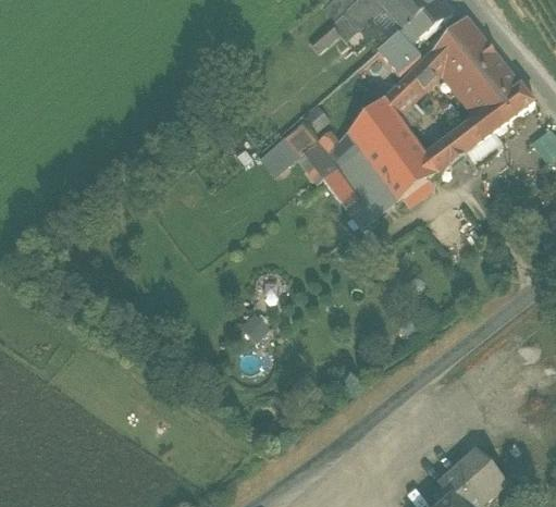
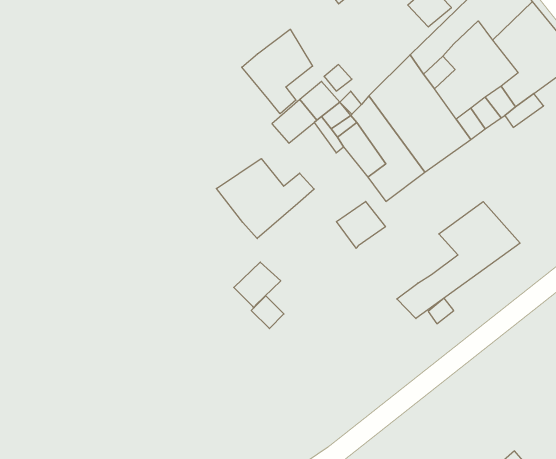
building: none -> [242,29,313,114]
building: none -> [216,159,314,239]
building: none -> [336,201,385,248]
building: none -> [397,202,520,319]
building: none -> [234,262,281,308]

